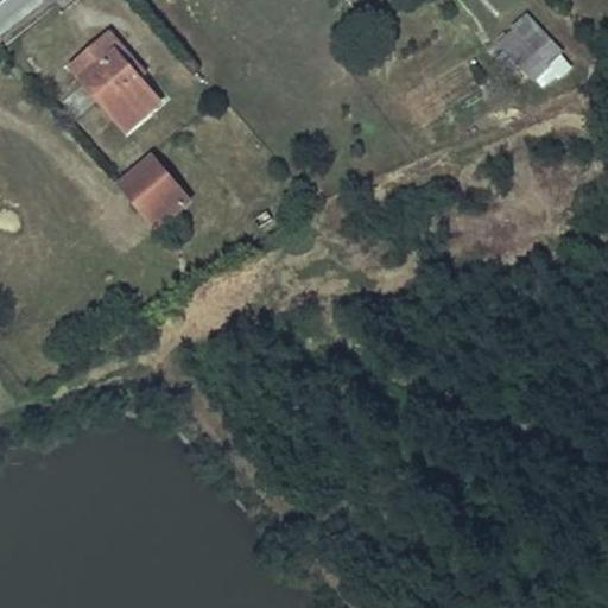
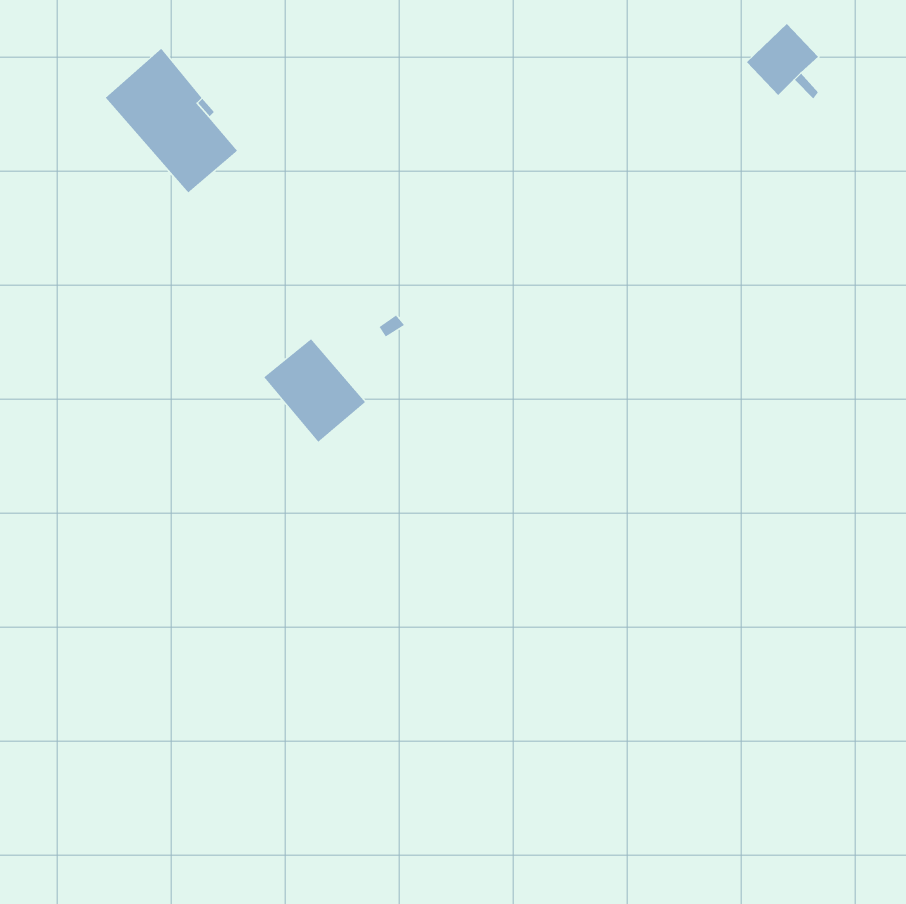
building: [120,157,189,227] -> [263,338,366,443]

